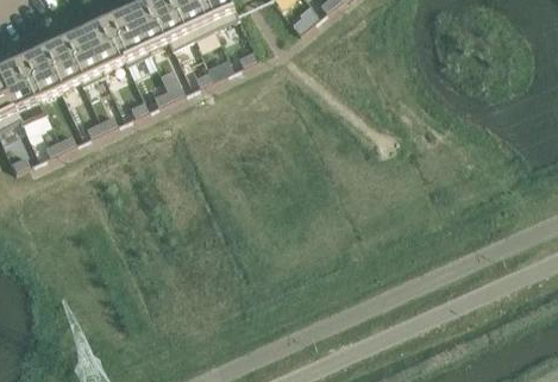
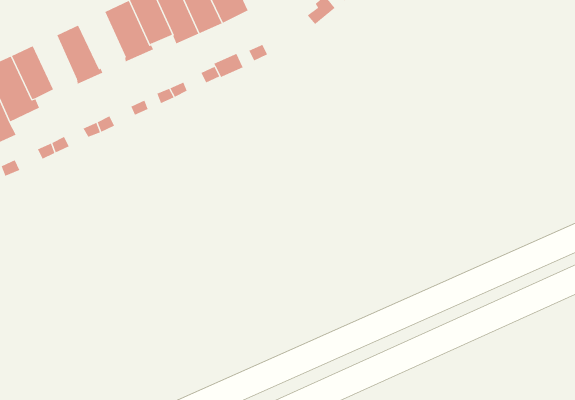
building: [81,17,124,69] -> none
building: [39,38,79,88] -> none

